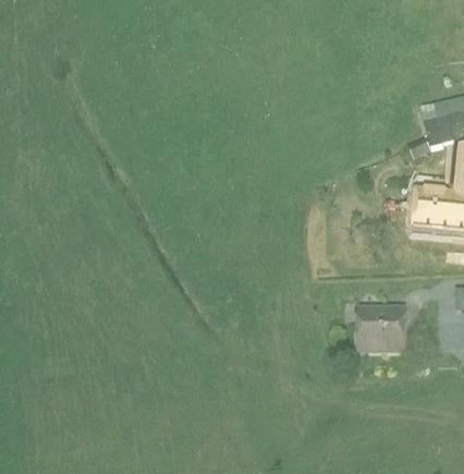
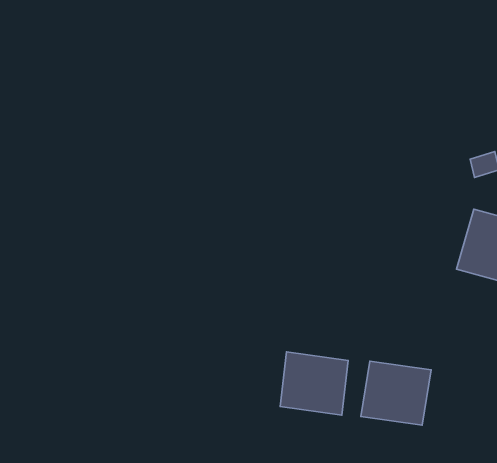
building: none -> [280,352,348,415]

